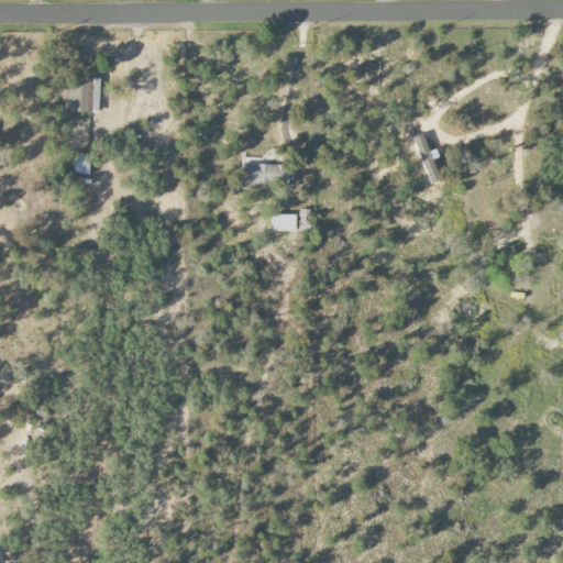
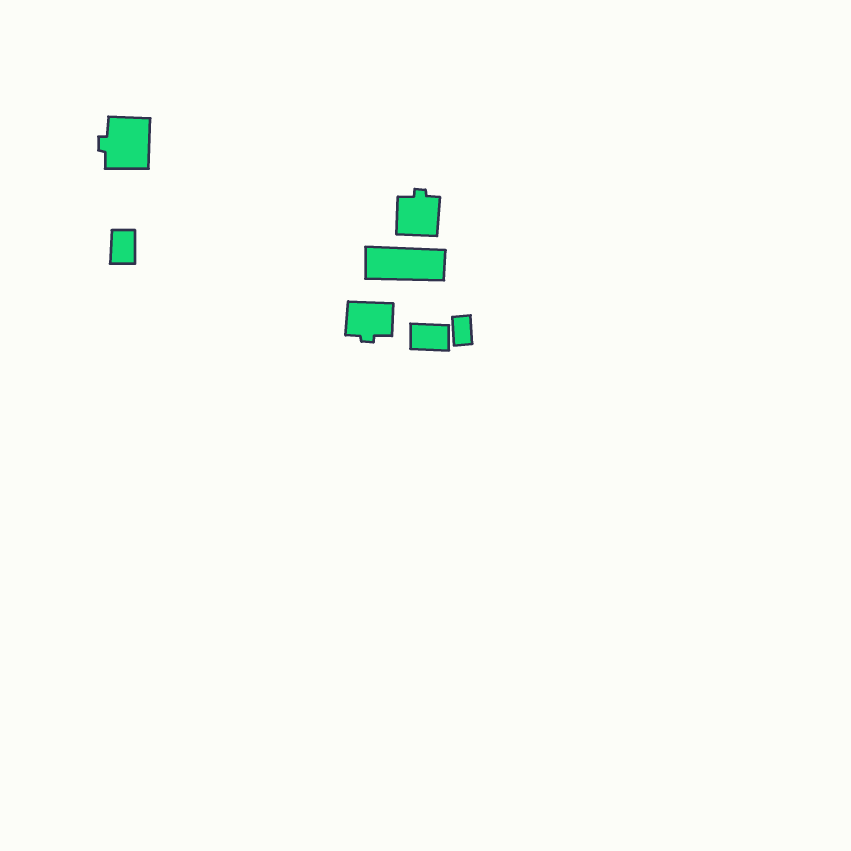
building: none -> [397,189,440,236]
building: none -> [346,301,393,342]

